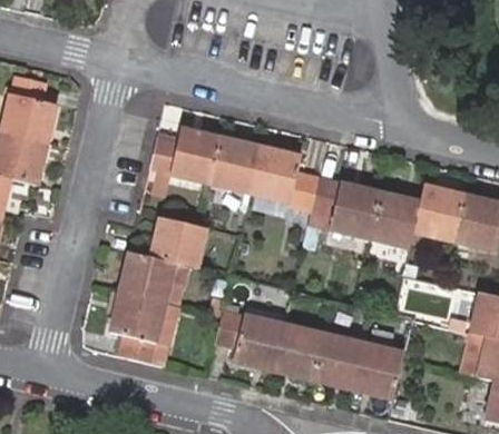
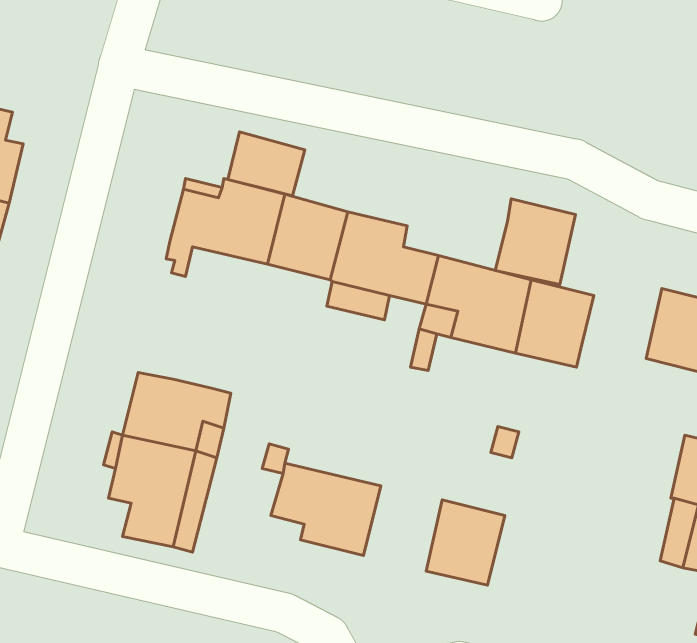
building: none -> [228,132,305,196]
building: [412,187,463,241] -> [495,199,576,284]
building: [151,216,206,266] -> none
building: [273,323,323,377] -> none
building: [352,342,403,396] -> none

